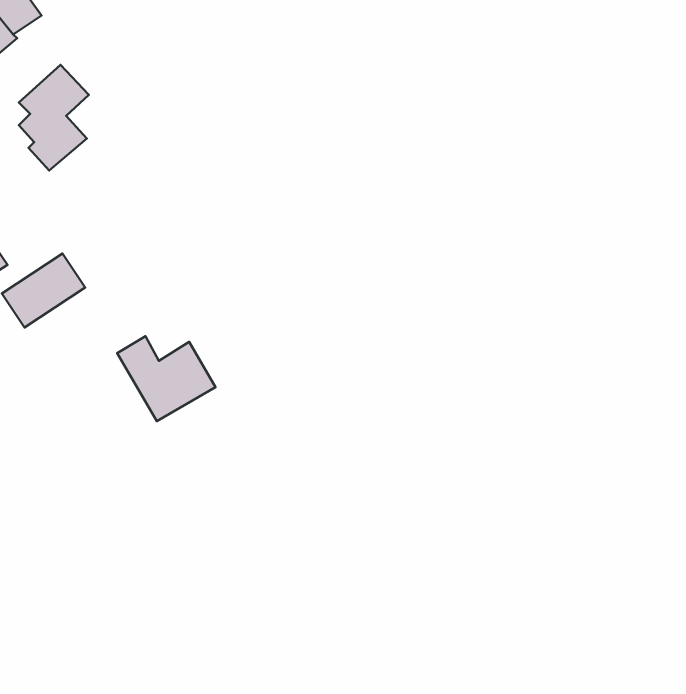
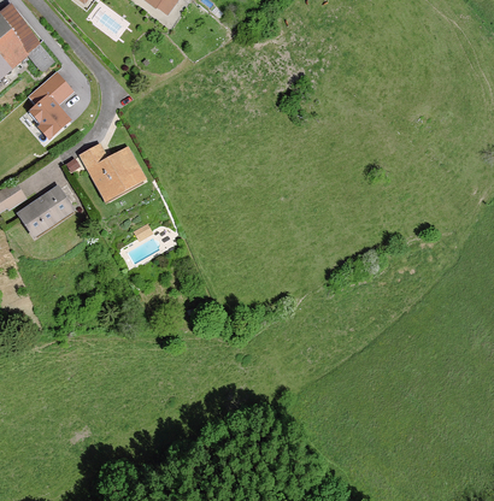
building: [117,336,215,421] -> [80,147,142,201]

